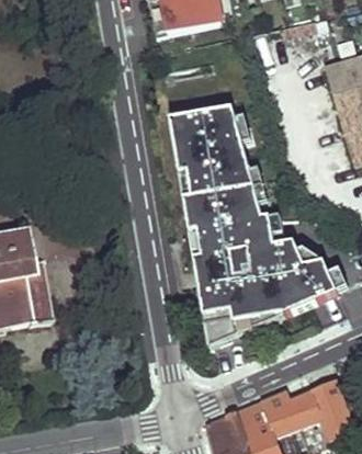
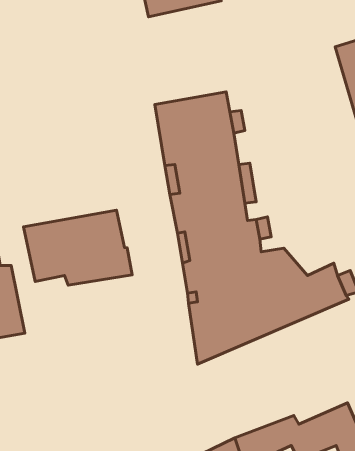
building: none -> [23,210,132,285]

